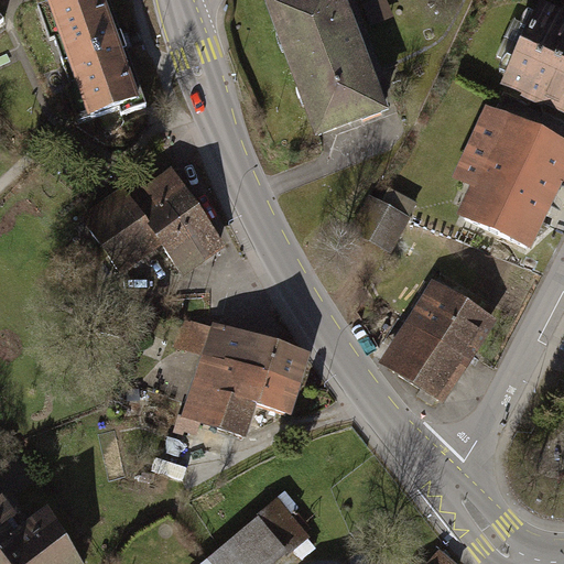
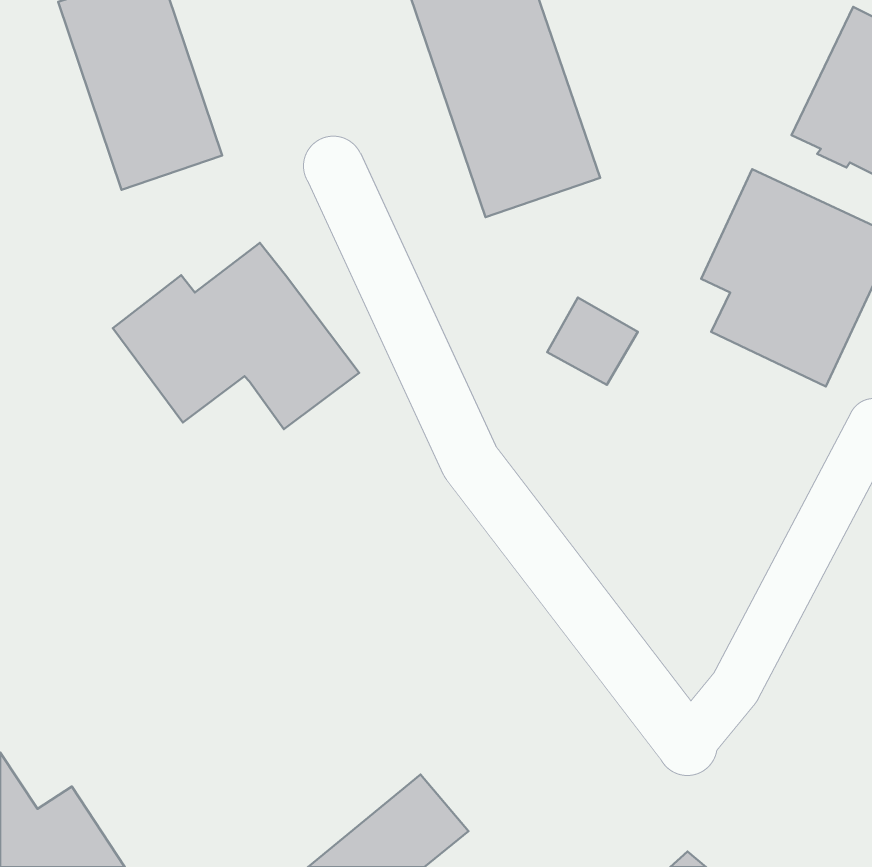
building: [380,276,497,399] -> none
building: [177,313,313,444] -> none

